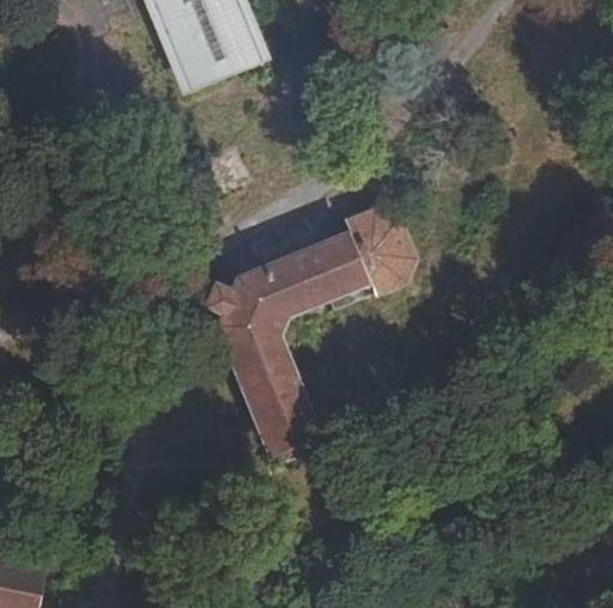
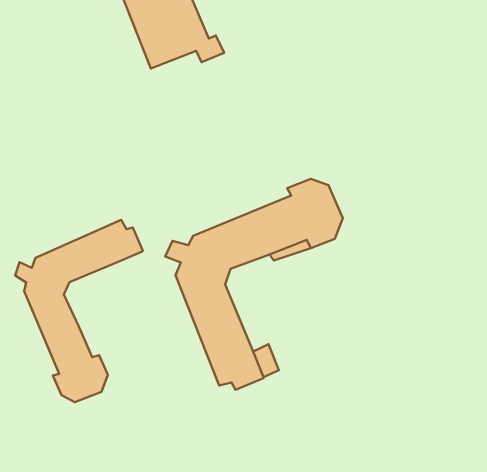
building: none -> [15,220,143,402]

